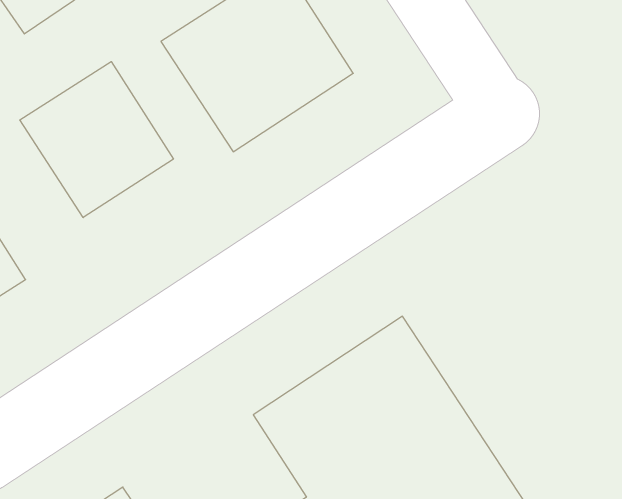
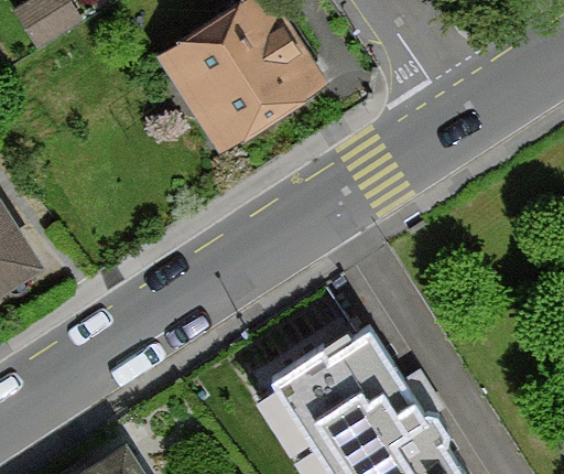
building: [20,62,173,218] -> none

